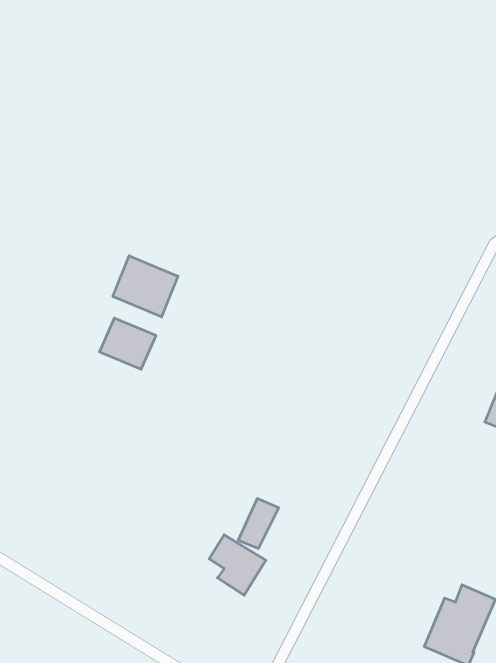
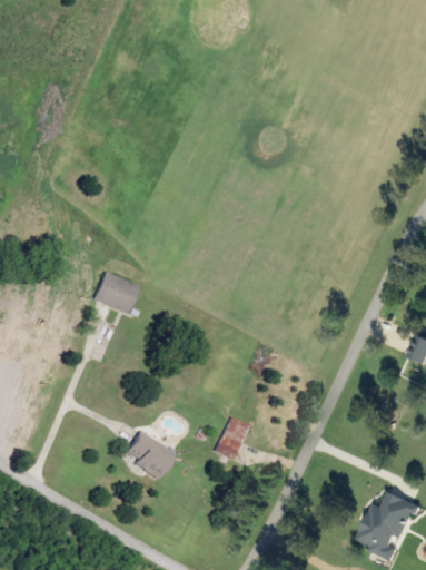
building: [113,256,178,317] -> none
building: [209,535,266,595] -> [120,432,167,482]

